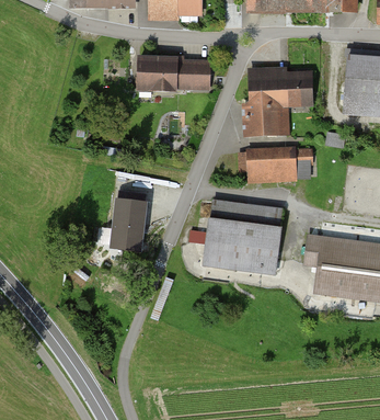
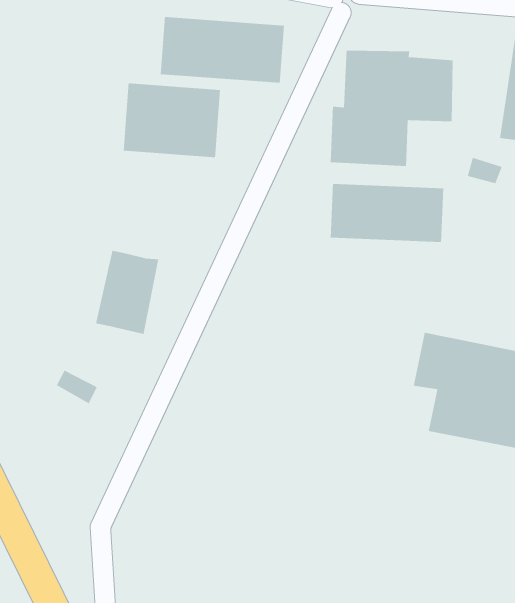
building: none -> [123,83,221,158]
building: [201,198,283,273] -> none

